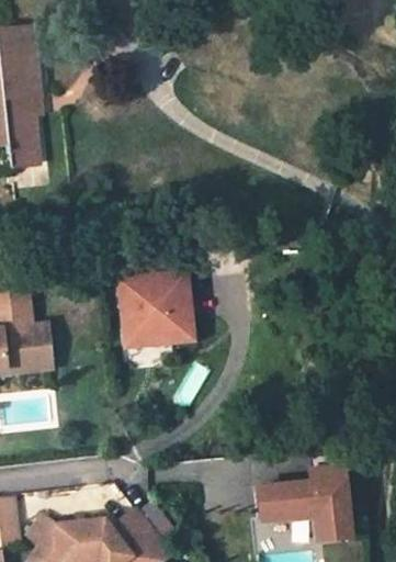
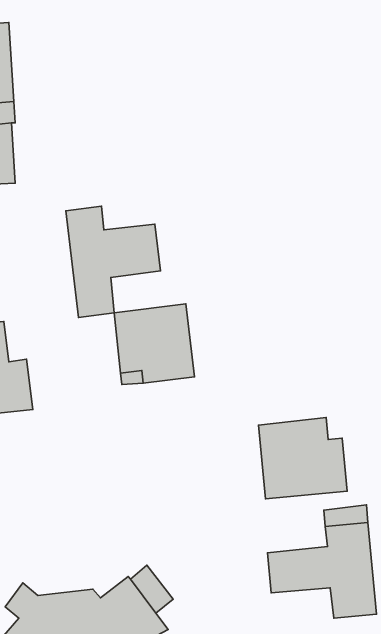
building: none -> [66,206,160,317]
building: none -> [259,418,347,499]

